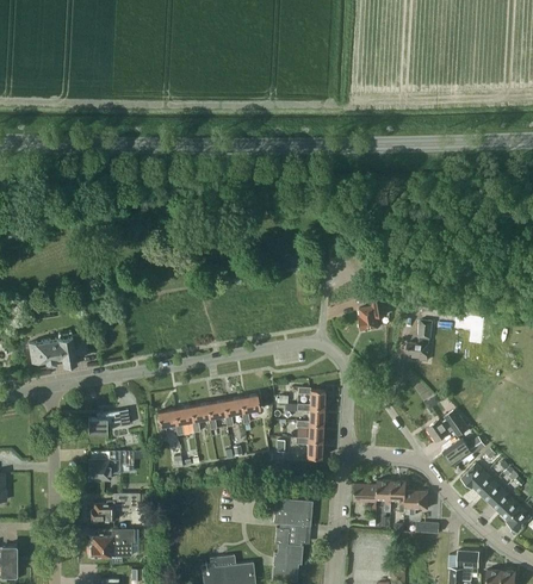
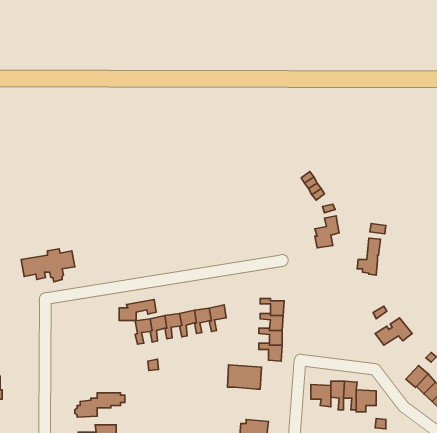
building: [88,409,130,433] -> [119,299,156,321]
building: [444,436,485,464] -> none
building: [88,451,128,480] -> none
building: [273,498,311,526] -> [228,365,261,389]

